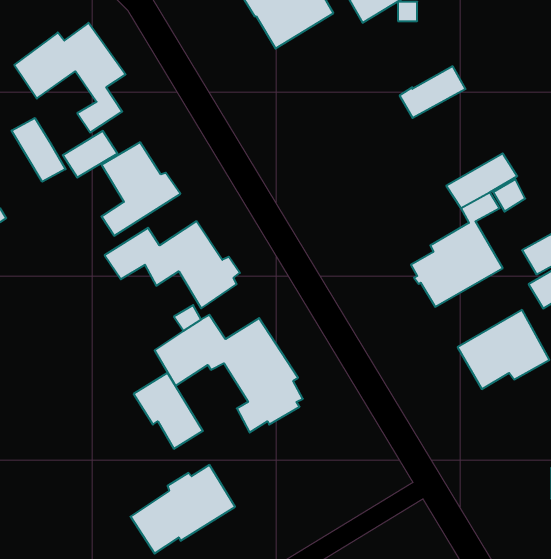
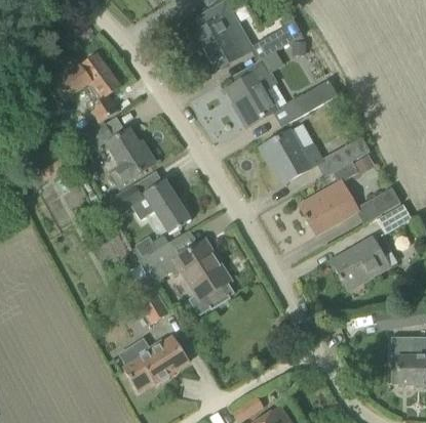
building: none -> [229,58,287,125]
building: [12,118,66,182] -> none
building: none -> [262,123,323,181]

